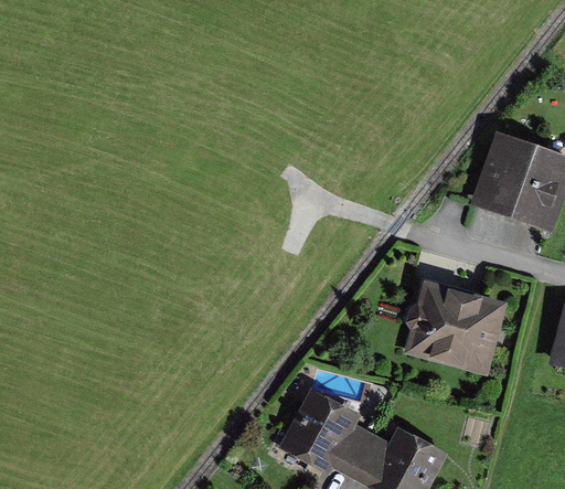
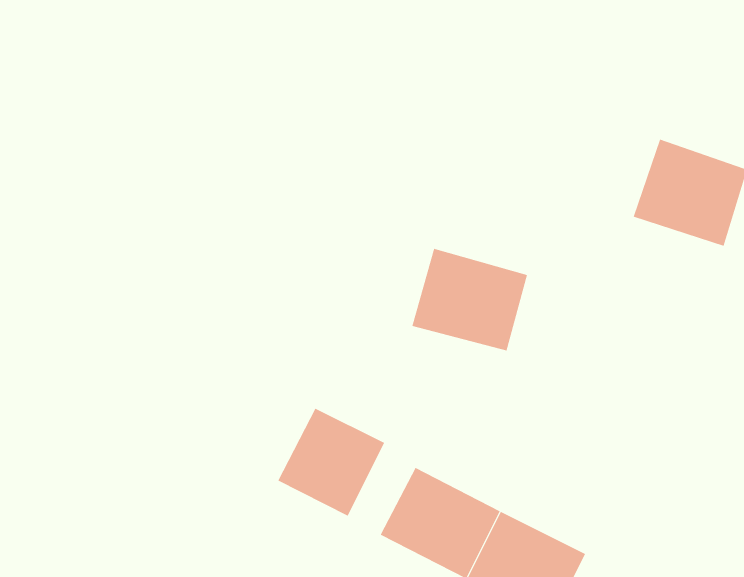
building: [409,291,497,369] -> [411,248,528,351]
building: none -> [278,408,385,516]

